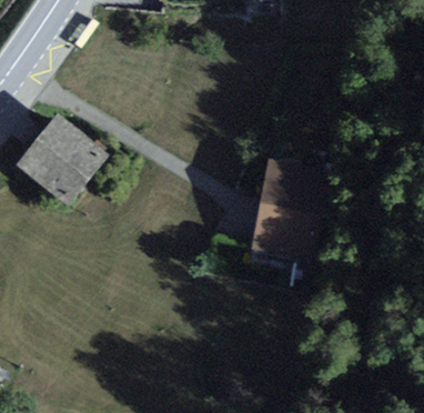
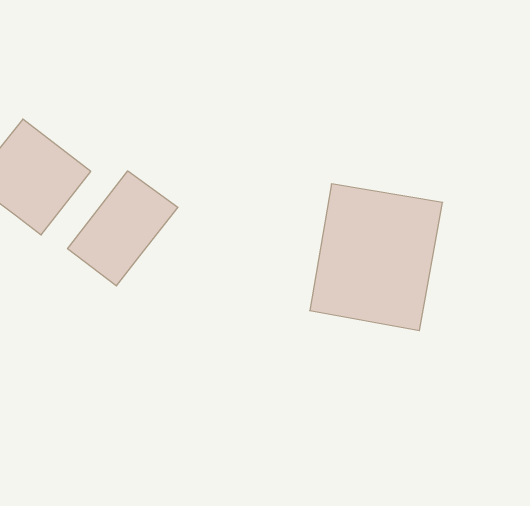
building: none -> [68,171,178,286]

